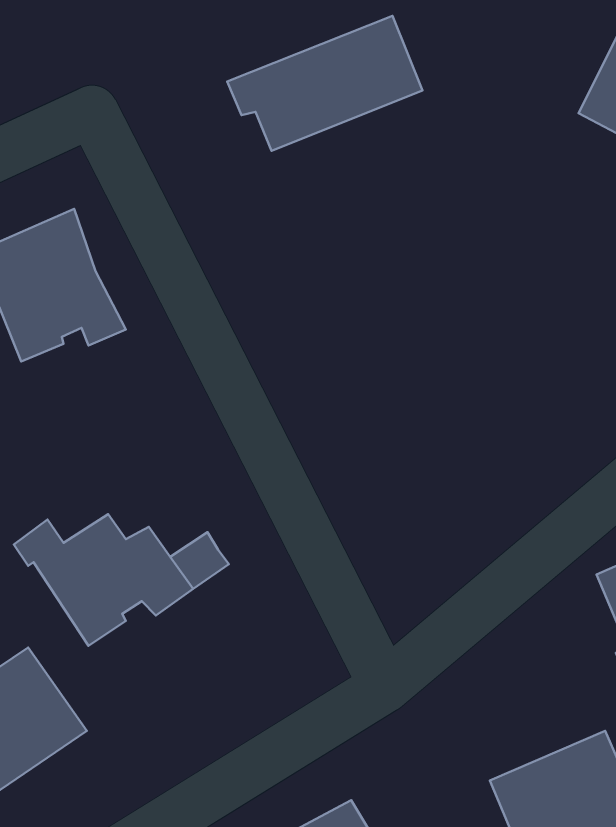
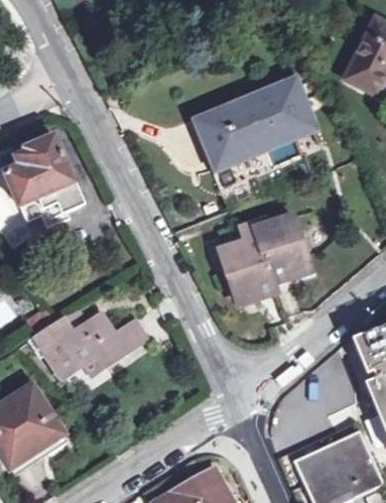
building: [227,16,423,151] -> [195,88,305,164]
building: none -> [216,218,307,305]

